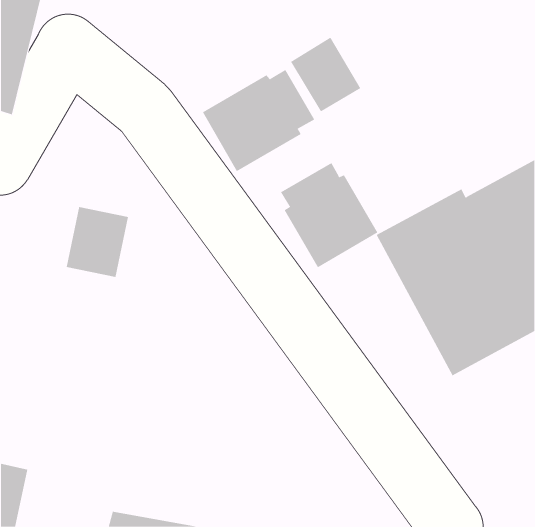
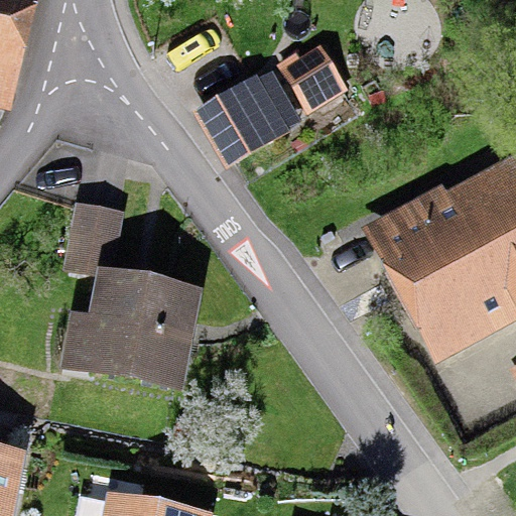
building: [280,162,378,268] -> none
building: none -> [60,268,204,390]

